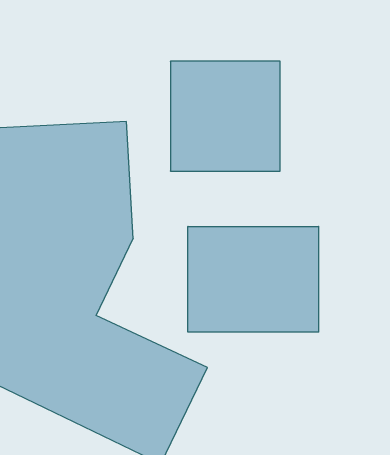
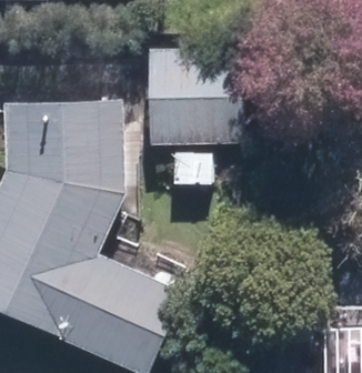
building: [188,226,319,332] -> none

